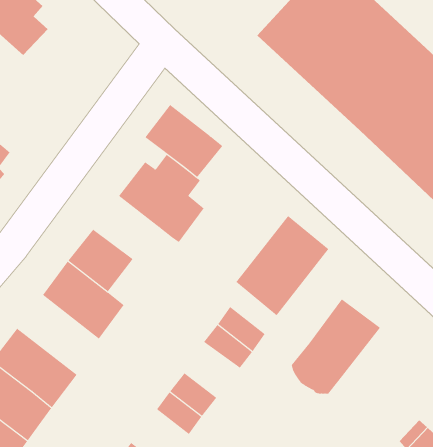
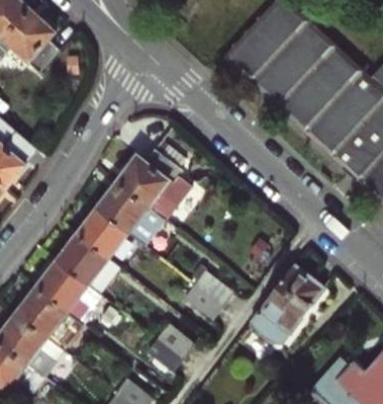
building: [144,104,223,178] -> [95,181,158,240]
building: [235,215,329,316] -> none
building: none -> [34,260,104,324]

